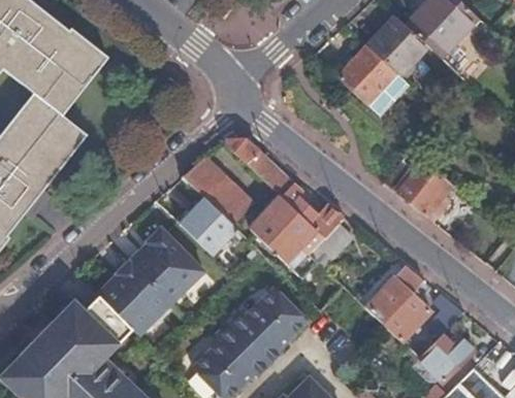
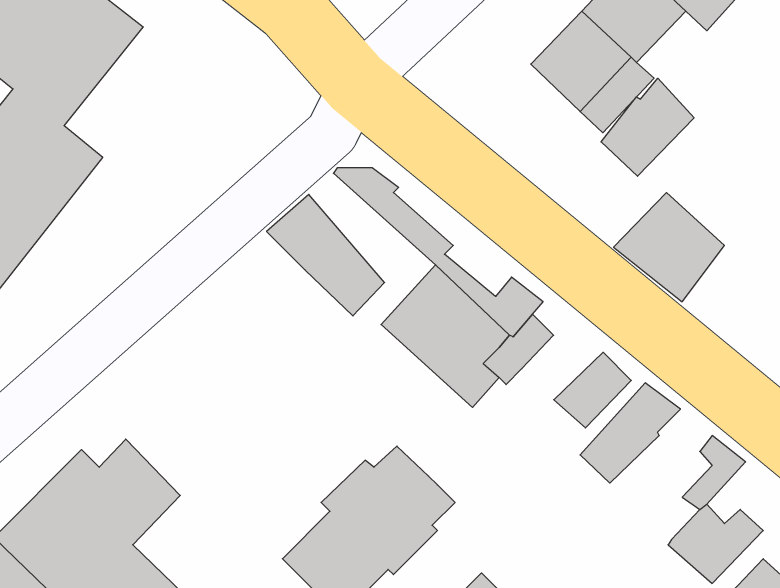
building: none -> [601,78,694,176]
building: [179,199,236,256] -> none
building: [95,228,202,337] -> none
building: [258,287,307,335] -> none
building: [383,296,428,340] -> [554,352,631,428]

